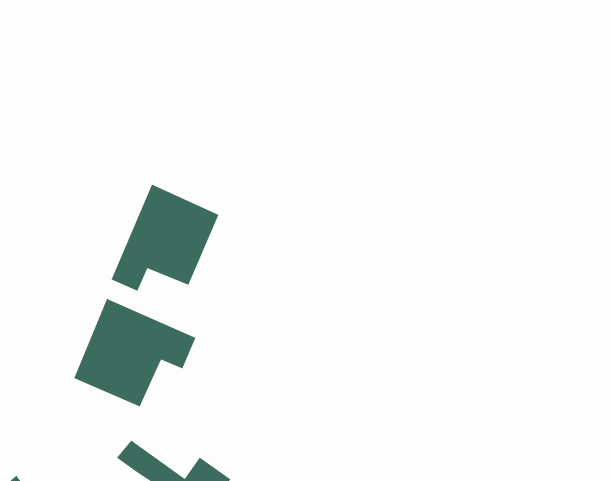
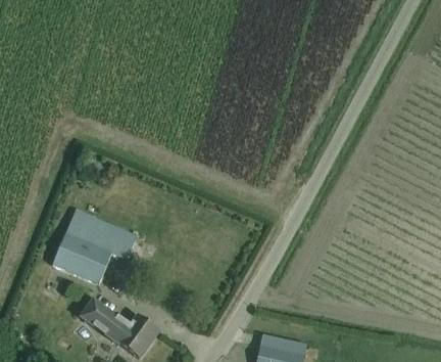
building: [111,184,220,292] -> none

